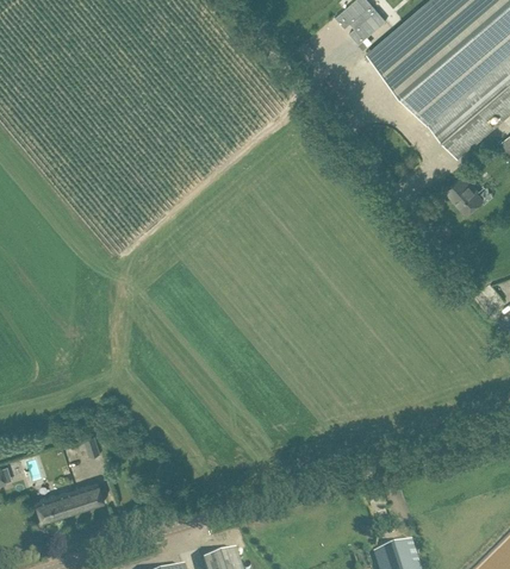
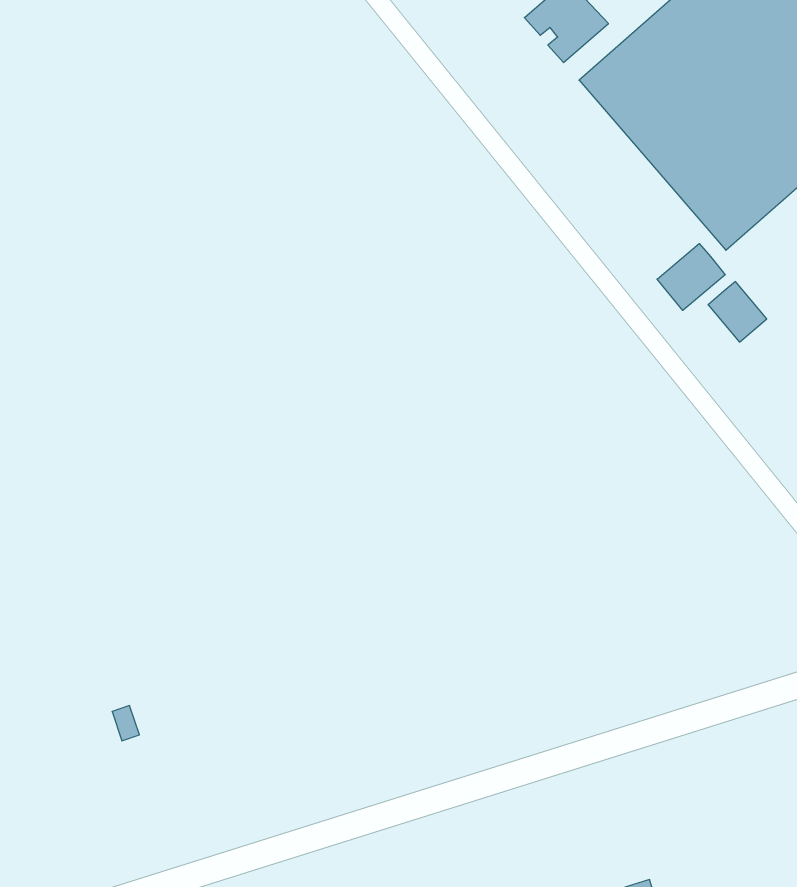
building: none -> [657,244,725,310]
building: [36,481,105,521] -> none

